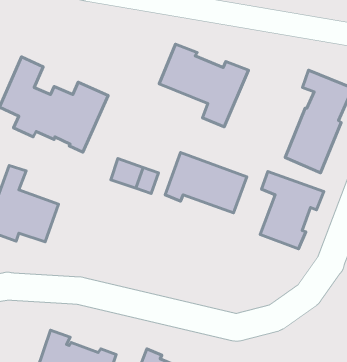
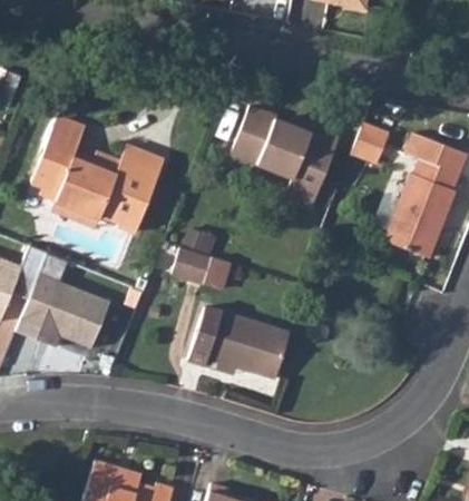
building: none -> [355,121,392,164]
building: [165,153,247,213] -> [186,304,287,379]
building: [260,172,324,249] -> none

